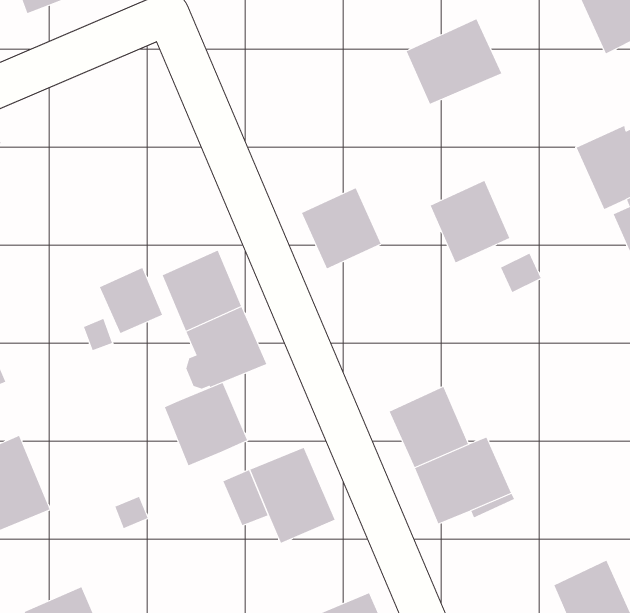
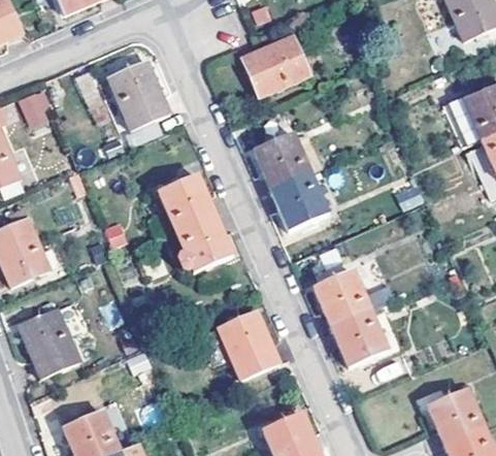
building: [406,19,502,105] -> [243,36,310,96]
building: none -> [106,61,167,130]
building: [430,180,510,263] -> [272,171,328,229]
building: [99,267,163,334] -> none
building: [164,382,248,466] -> none

